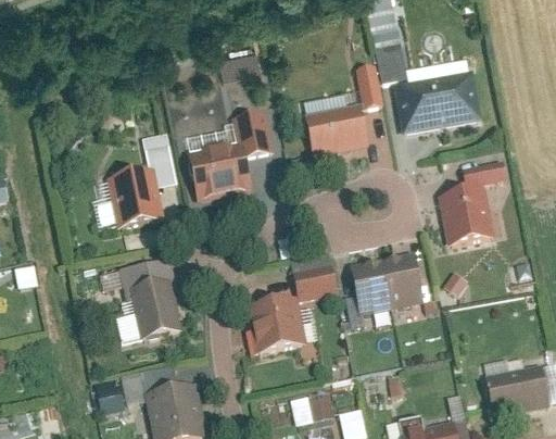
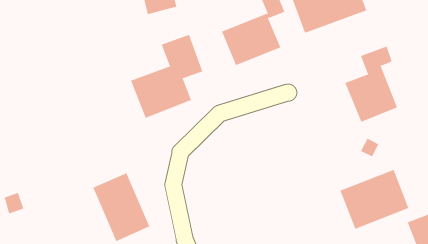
building: [108,133,178,229] -> none
building: [346,251,425,314] -> [340,169,409,230]
building: [293,266,336,298] -> none
building: [244,297,292,352] -> none

